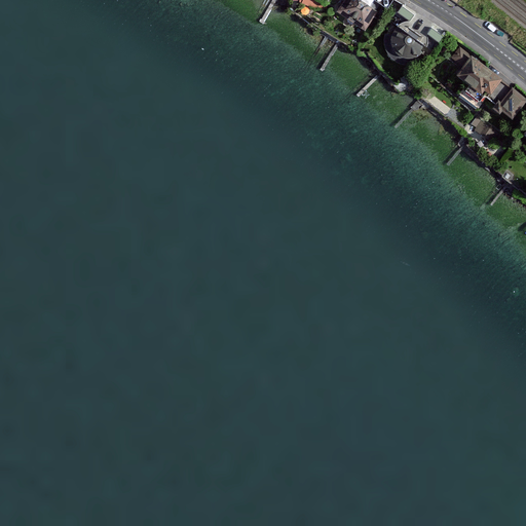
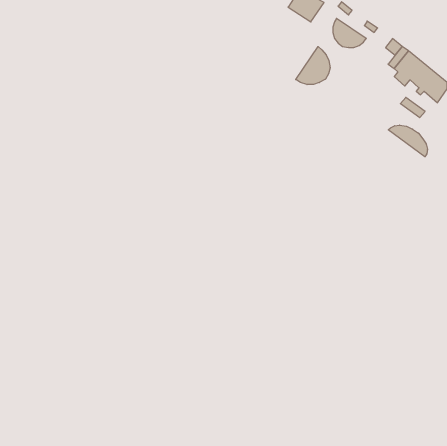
building: none -> [296,47,330,85]
building: none -> [388,125,427,157]

